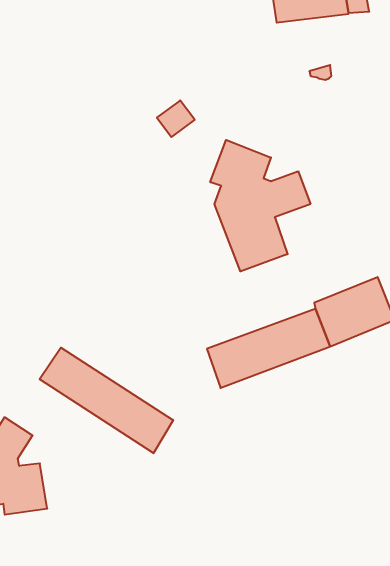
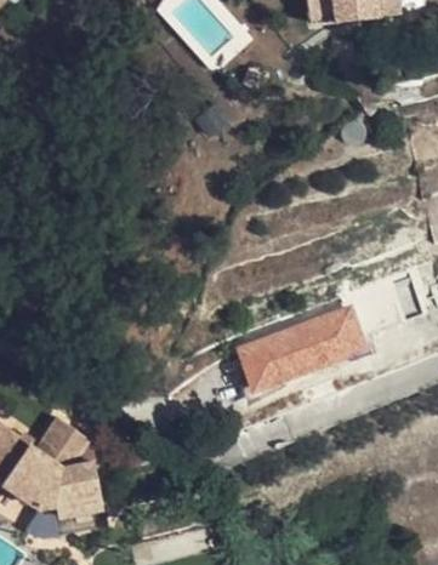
building: [210,140,310,271] -> none
building: [40,348,173,453] -> none

